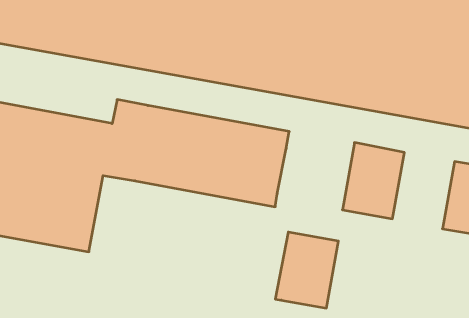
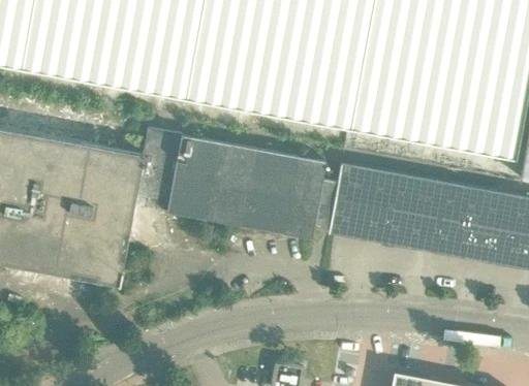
building: none -> [434,184,498,262]
building: [275,232,338,308] -> [330,164,395,243]

